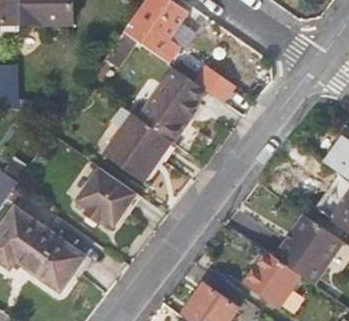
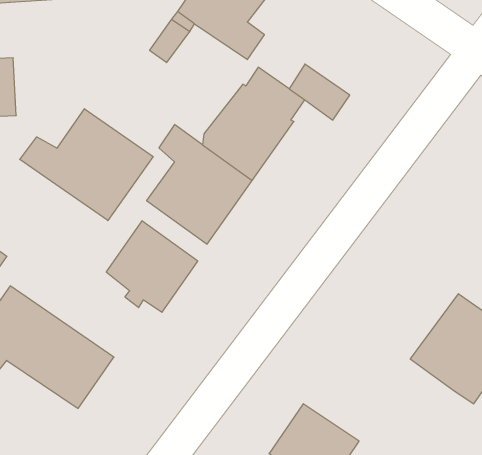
building: none -> [20,109,153,221]
building: [246,251,302,305] -> none

